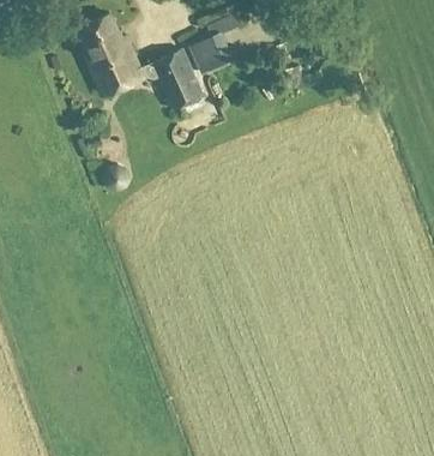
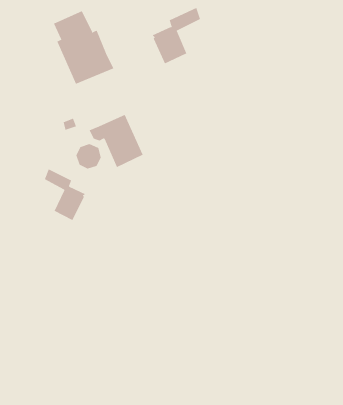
building: [143,48,204,108] -> [89,114,143,168]
building: none -> [44,168,86,221]

